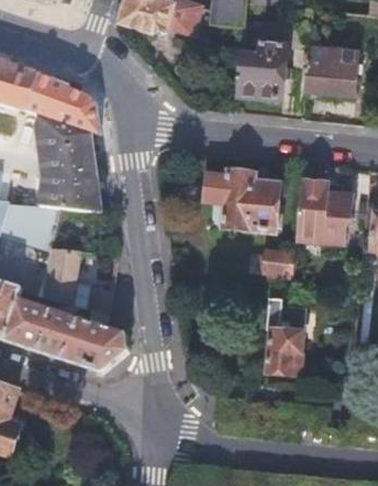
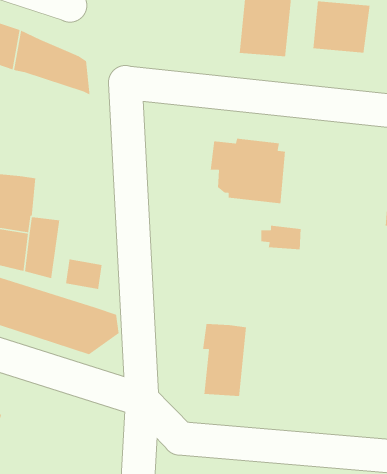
building: [33,112,102,213] -> none
building: [293,179,349,245] -> none
building: [264,298,304,365] -> [202,323,247,397]

